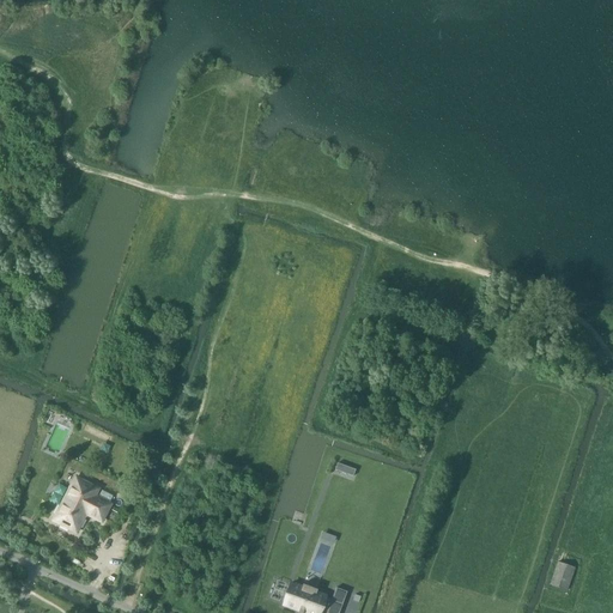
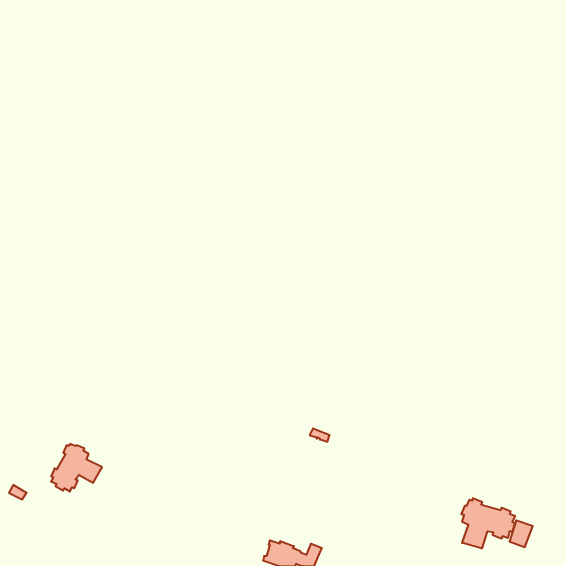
building: none -> [461,498,515,549]

